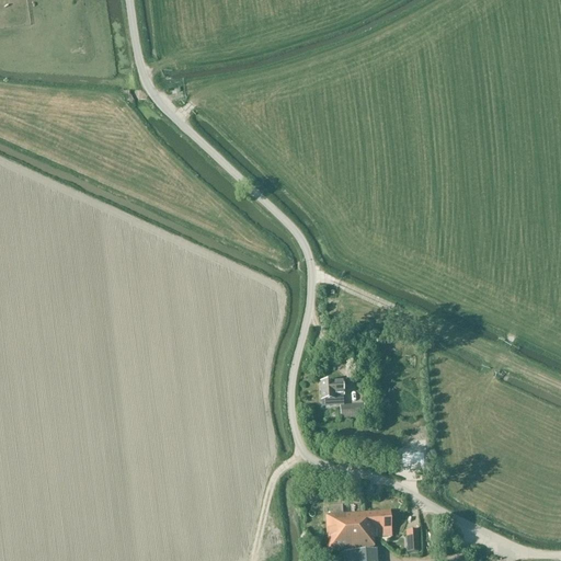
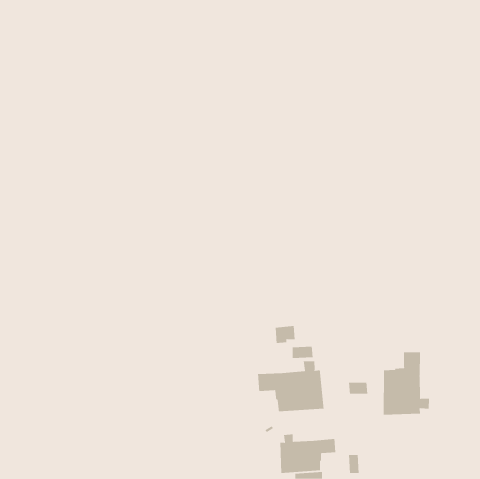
building: none -> [383,352,430,415]
building: none -> [258,360,324,412]

